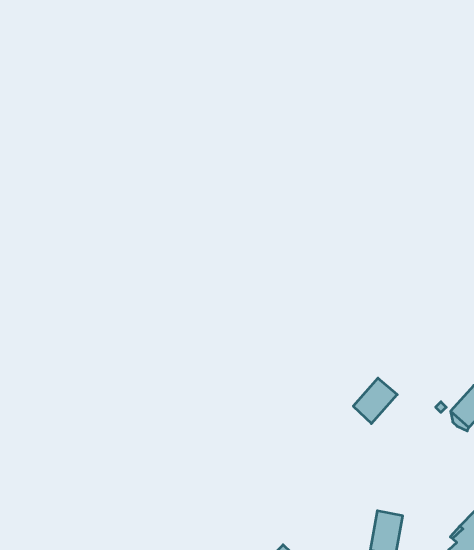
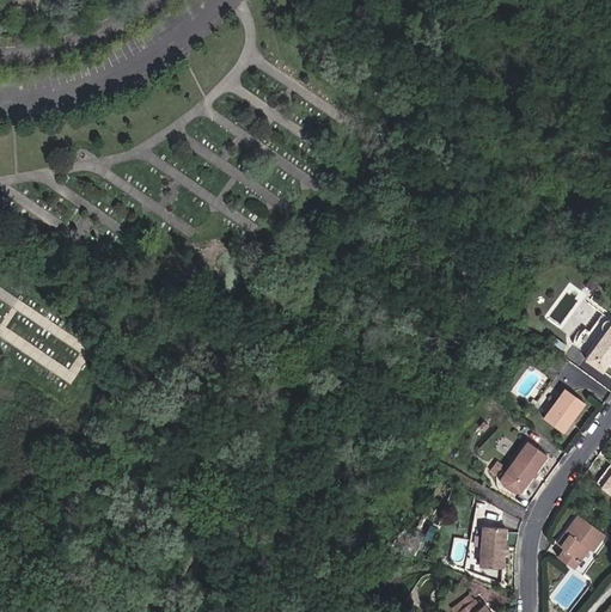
building: [353,378,397,424] -> [505,442,548,489]

